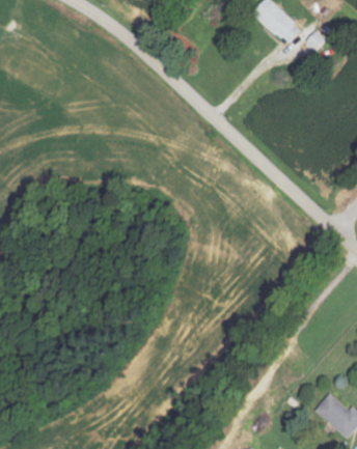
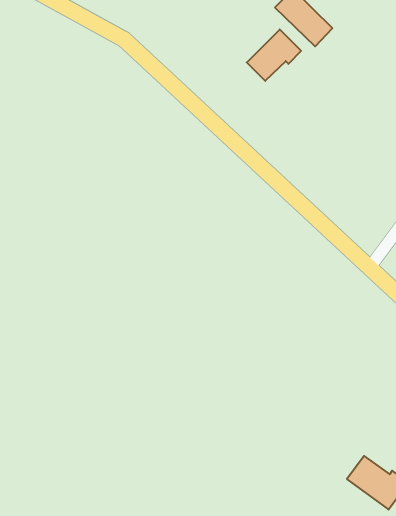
building: none -> [247,29,301,81]

